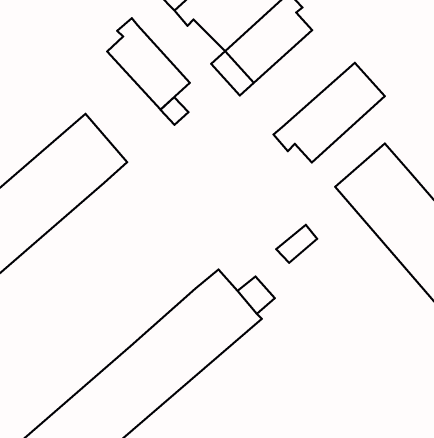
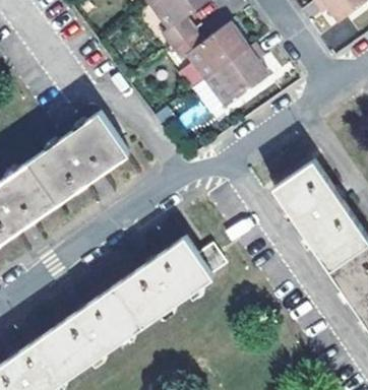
building: [107,18,190,110] -> none
building: [274,63,385,162] -> none

